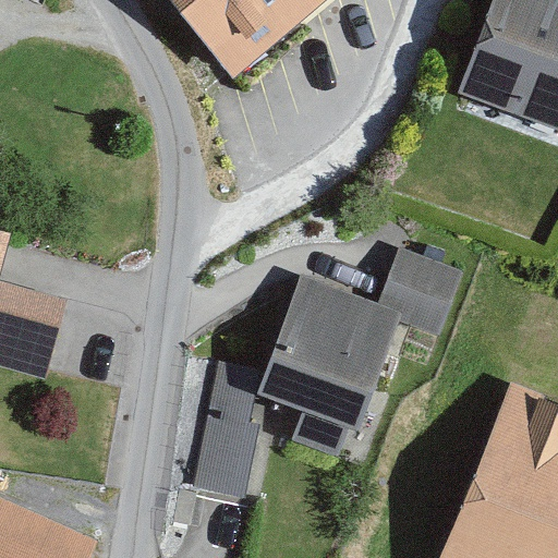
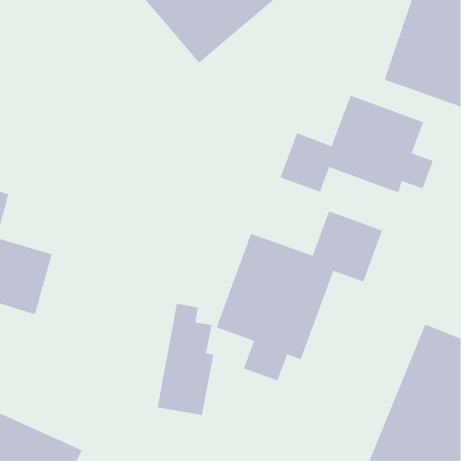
building: none -> [280,95,433,193]

